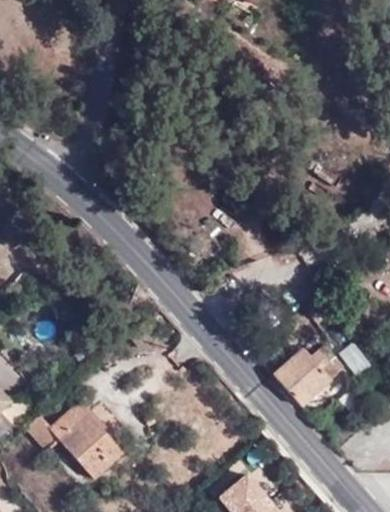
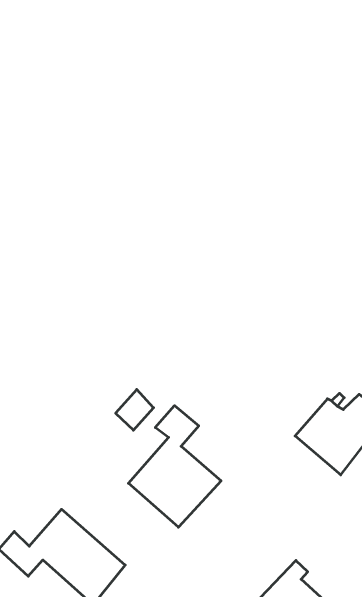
building: none -> [128,406,221,527]

